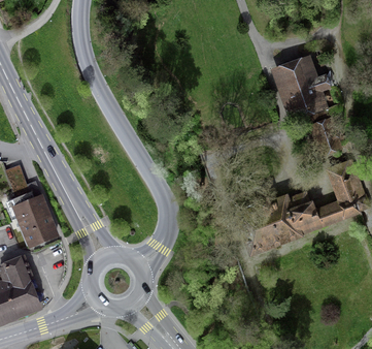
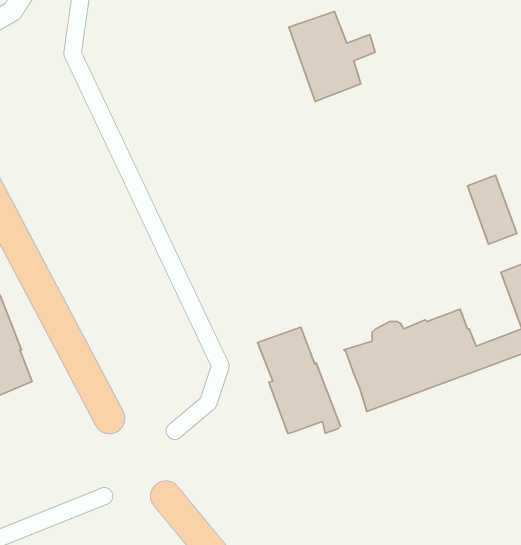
building: [277,63,328,116] -> [289,11,375,101]
building: none -> [257,327,341,434]

